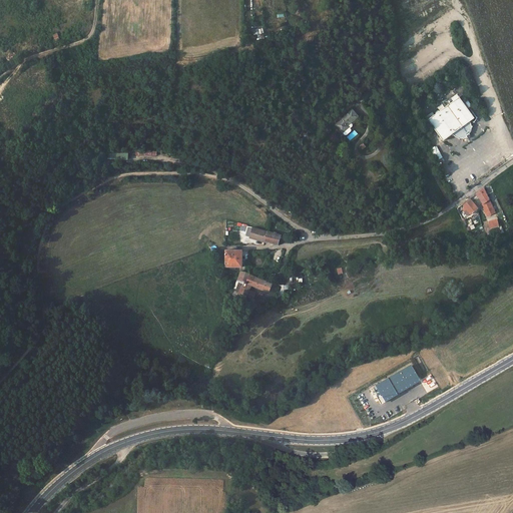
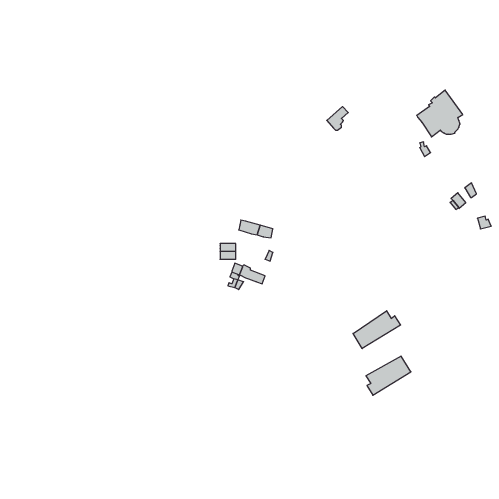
building: none -> [353,311,401,349]

